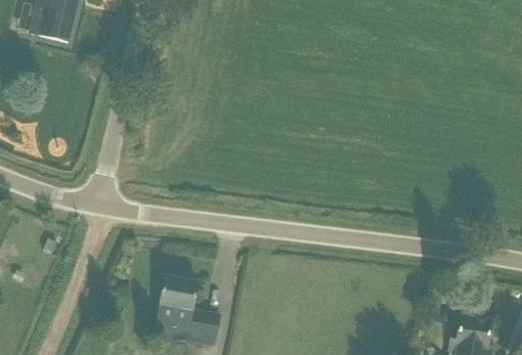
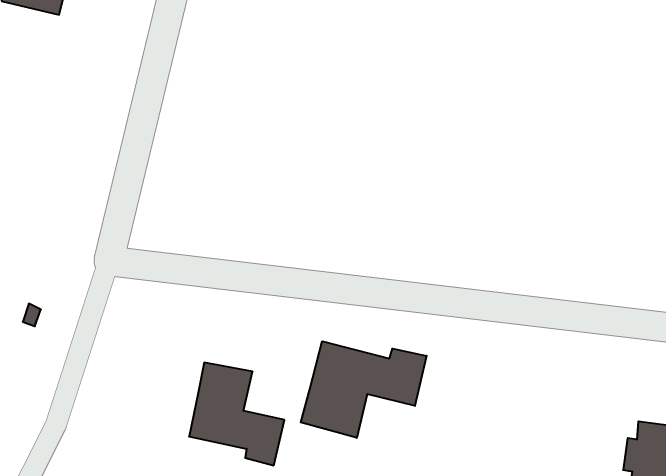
building: none -> [301,341,427,438]

